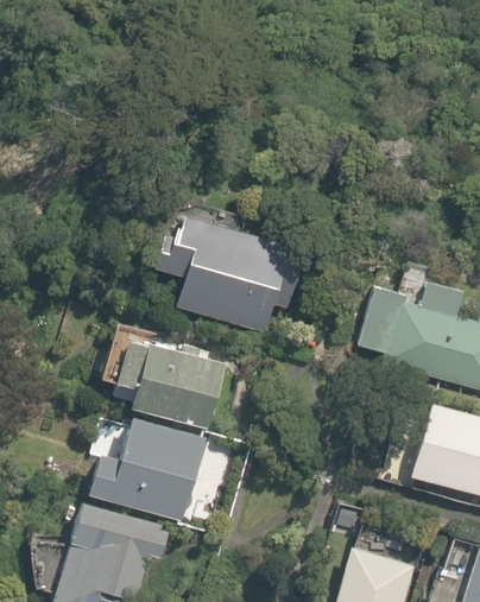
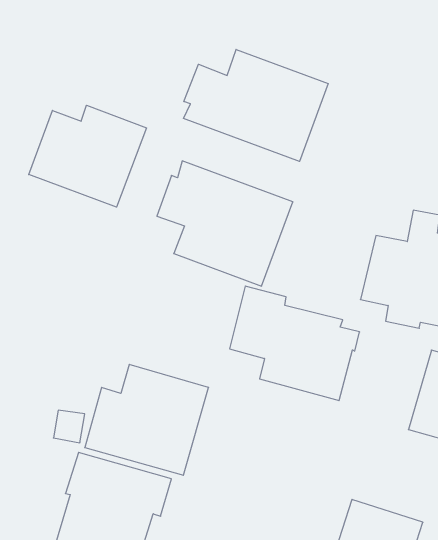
building: none -> [183,49,328,161]
building: none -> [29,105,147,207]
building: [101,321,229,433] -> [230,286,360,401]

